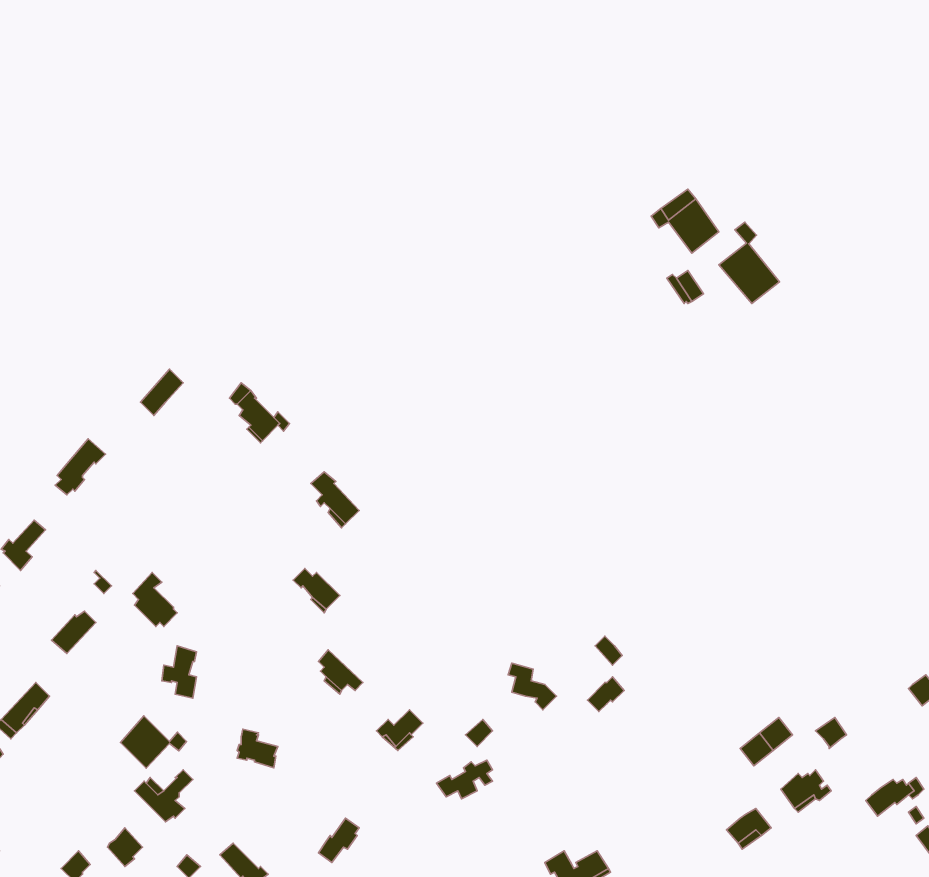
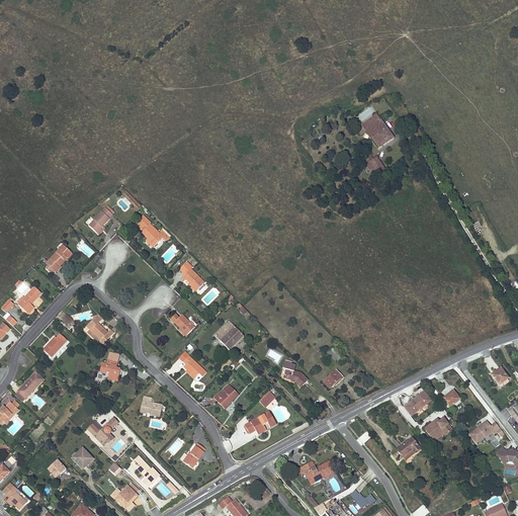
building: [719,222,780,304] -> none
building: none -> [214,317,244,350]
building: [121,716,187,768] -> none

